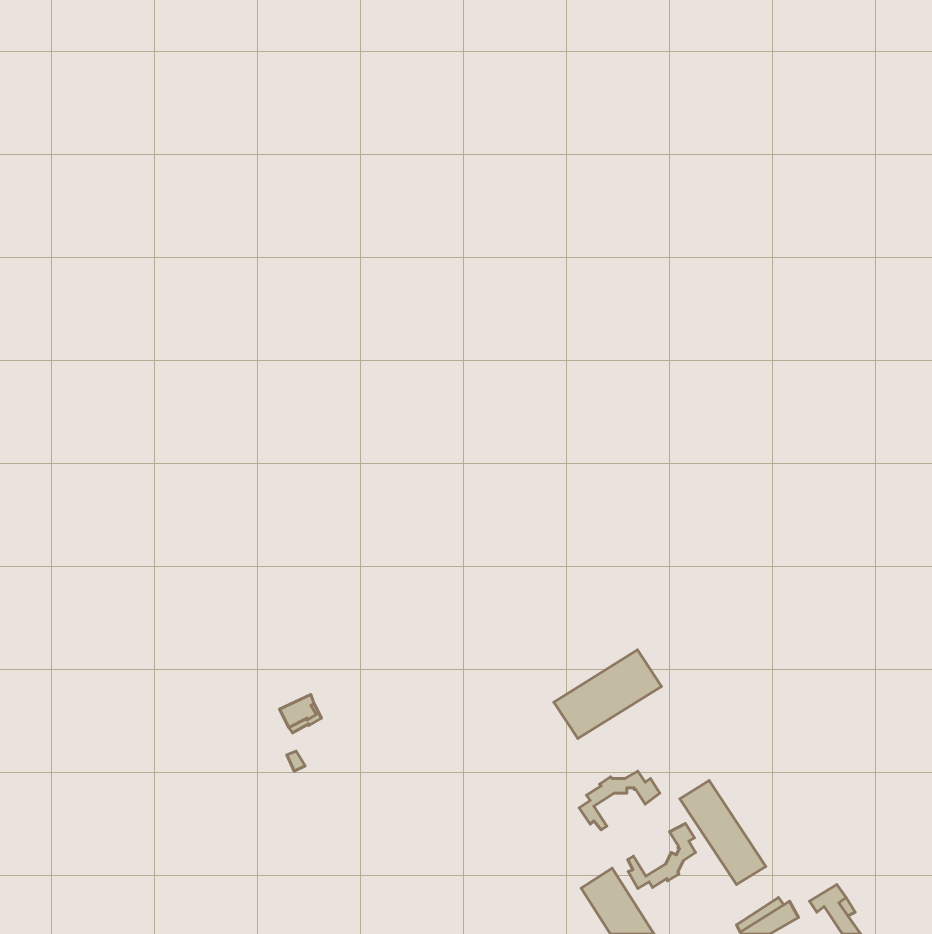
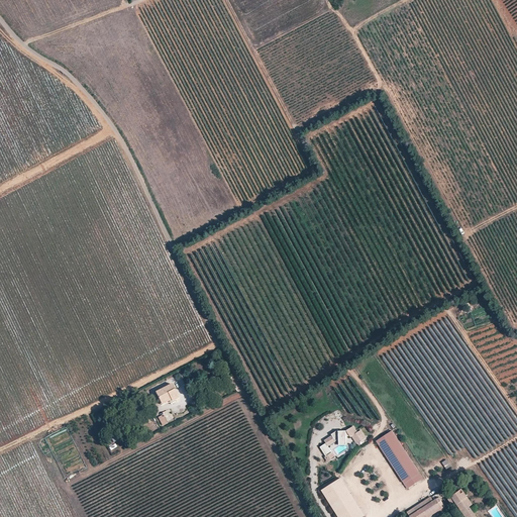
building: [554,650,661,739] -> none
building: [628,823,695,888] -> none

